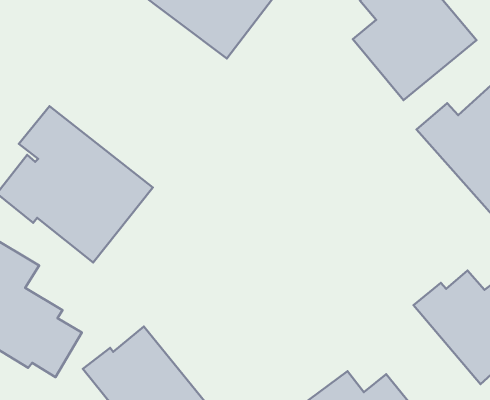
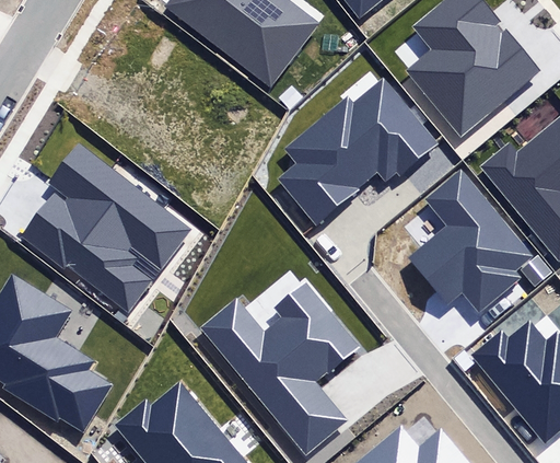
building: none -> [271,72,442,230]
building: none -> [409,171,530,312]
building: none -> [202,282,359,451]

